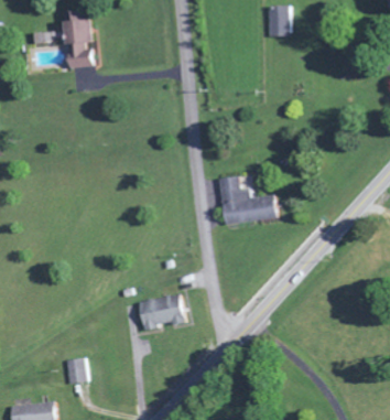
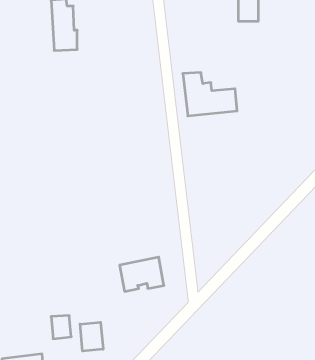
building: [219,176,279,224] -> [183,73,237,116]
building: none -> [80,322,103,351]

